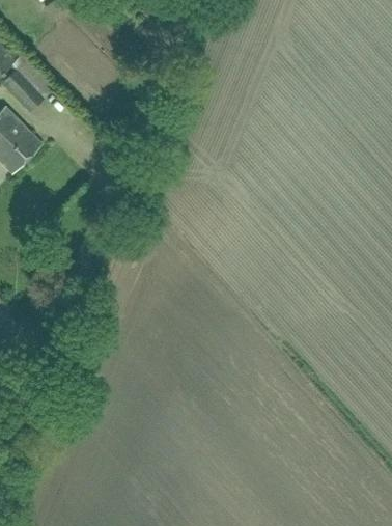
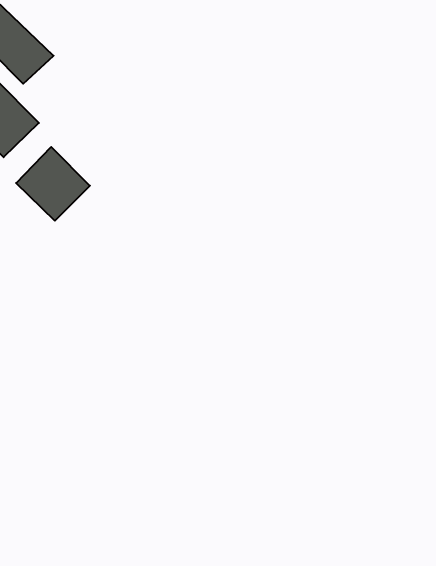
building: none -> [16,147,90,221]

